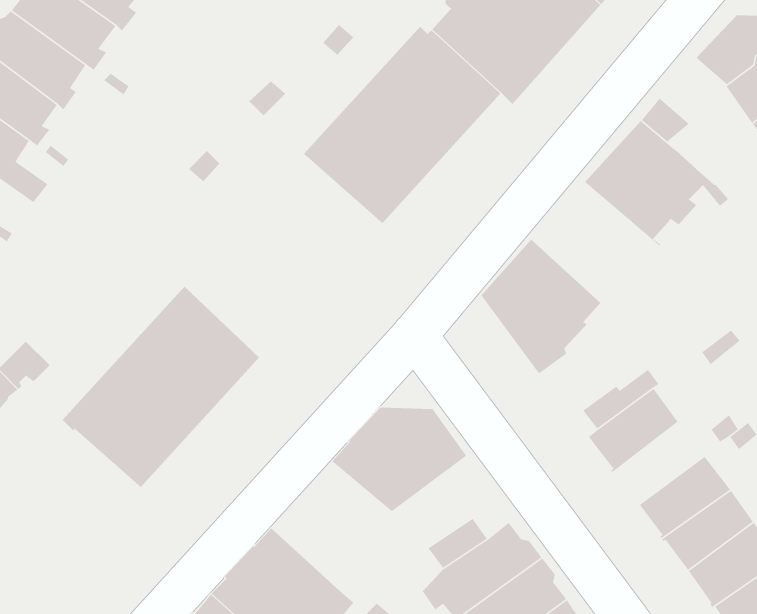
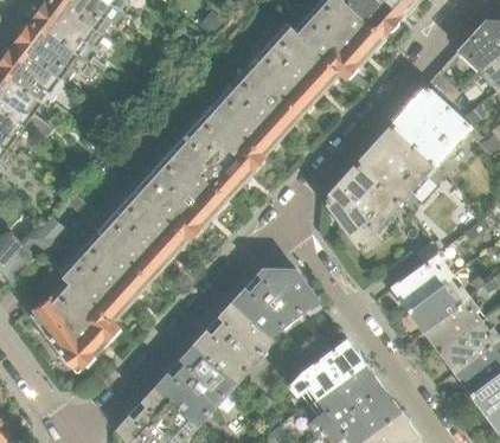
building: none -> [139,109,264,238]
building: none -> [357,127,437,205]
building: none -> [408,277,466,329]
building: none -> [30,282,118,366]
building: none -> [193,302,269,381]

